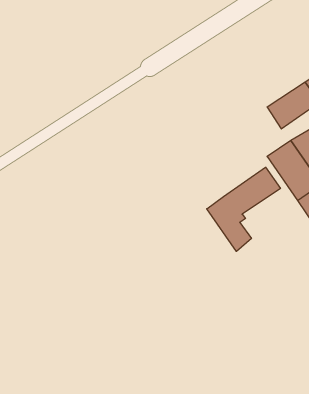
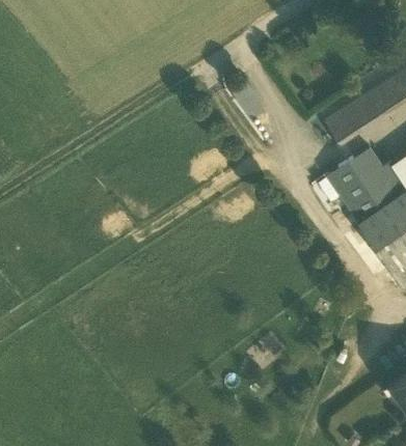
building: [207,167,280,251] -> none

